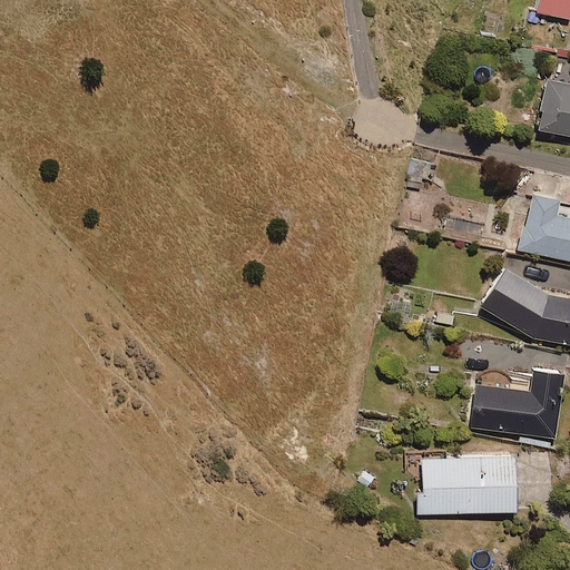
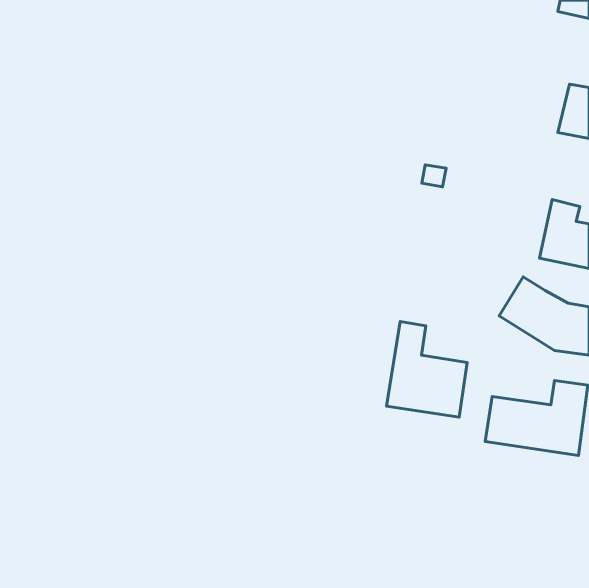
building: none -> [387,322,467,417]
building: [419,450,518,515] -> none

